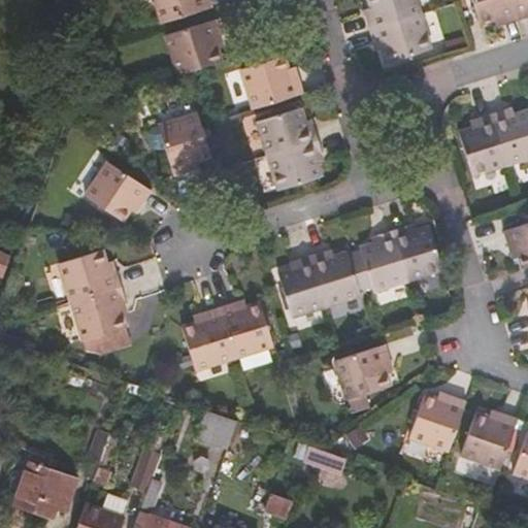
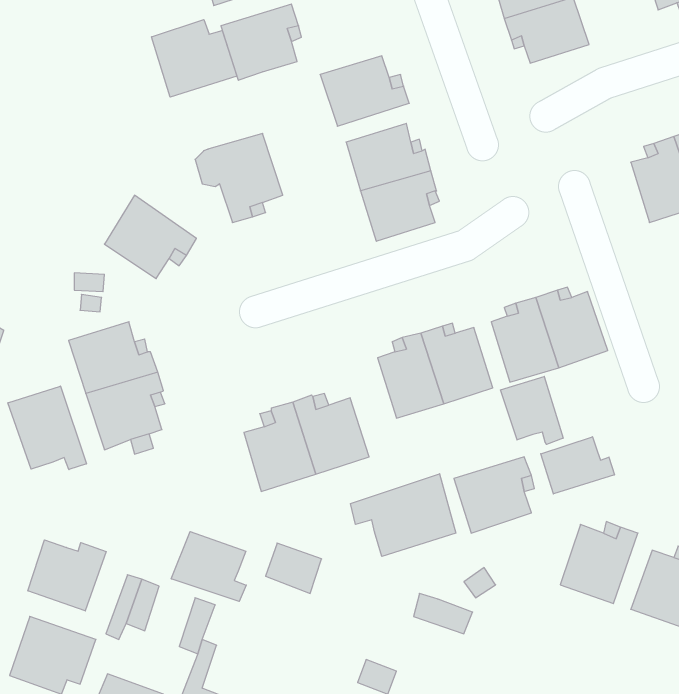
building: none -> [152,20,237,97]
building: none -> [501,376,563,444]
building: none -> [8,386,86,470]
building: none -> [541,437,614,494]
building: none -> [351,474,456,556]
building: none -> [171,532,246,601]
building: none -> [28,540,106,611]

